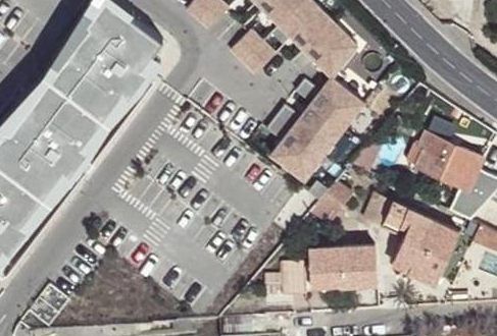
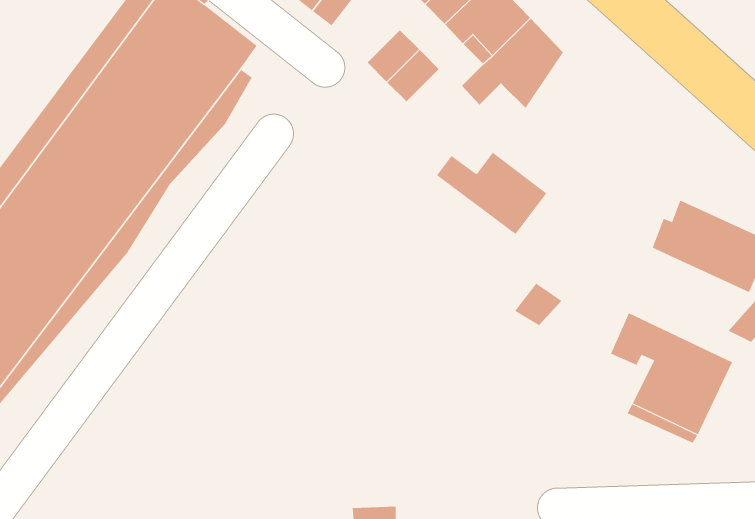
building: [295,77,364,129] -> none
building: [265,118,325,182] -> none
building: [267,244,378,294] -> none

